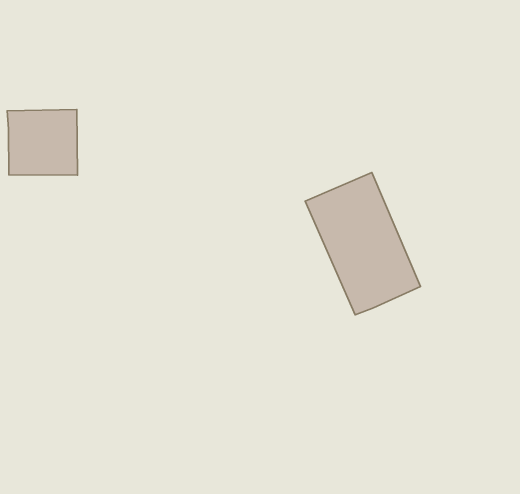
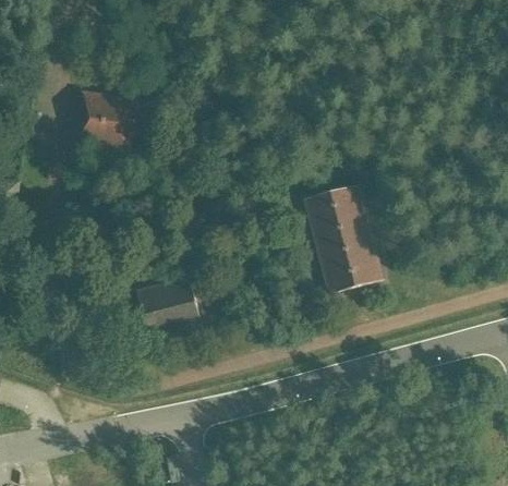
building: none -> [137,278,203,341]

